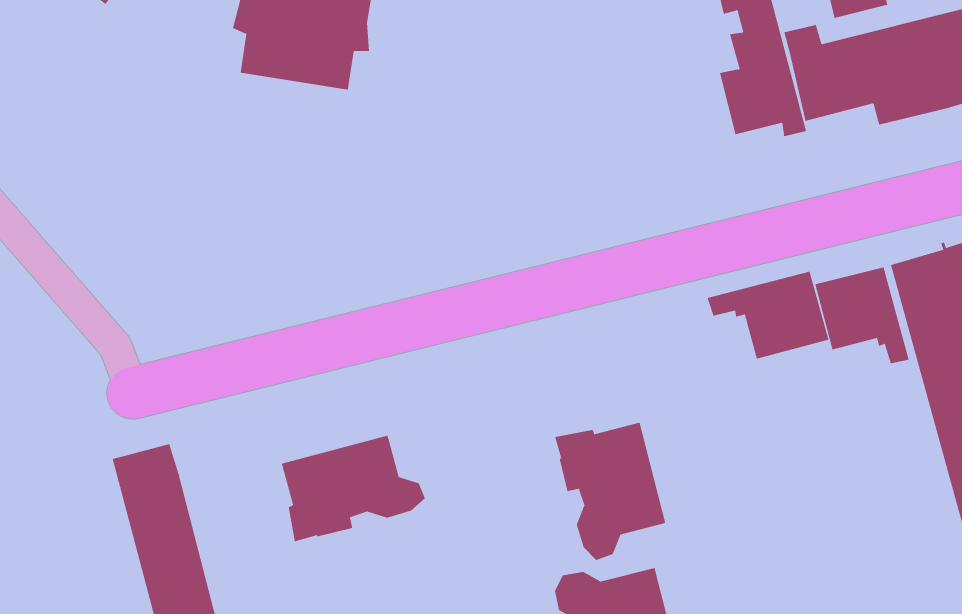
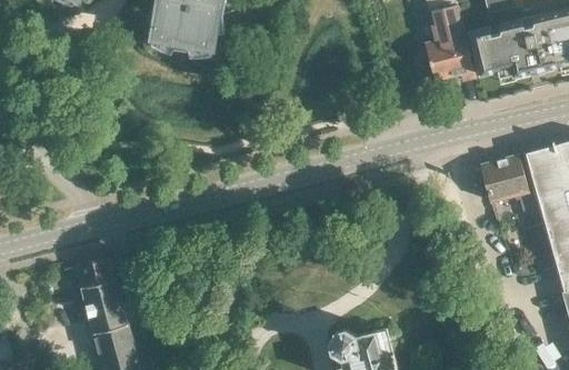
building: [707,271,829,360] -> none
building: [555,422,666,561] -> none
building: [281,435,425,542] -> none

